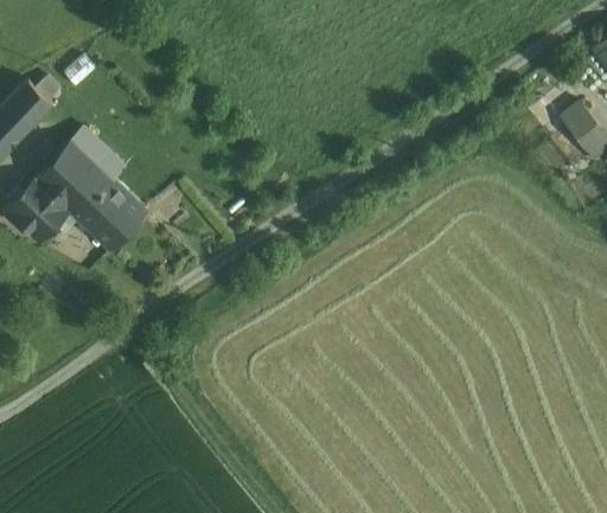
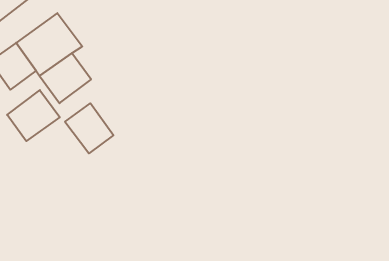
building: none -> [7,90,60,141]
building: none -> [65,103,113,153]

